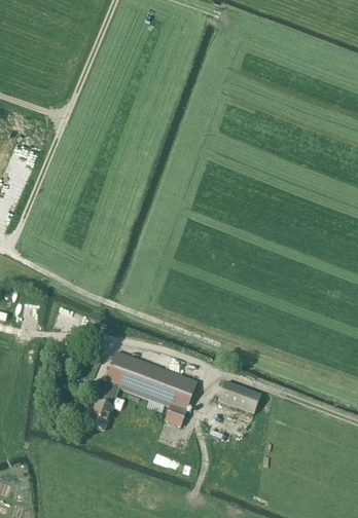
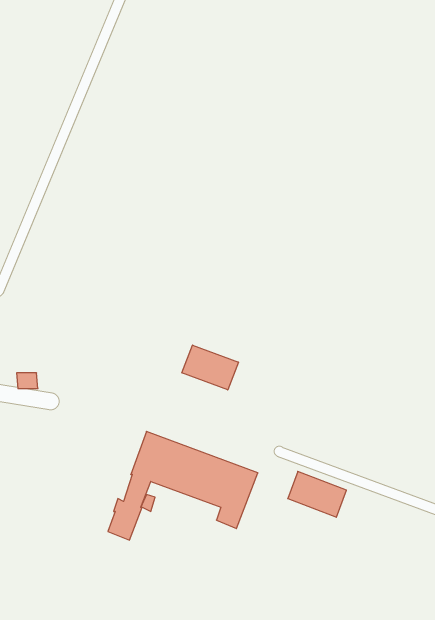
building: none -> [182,345,238,390]

